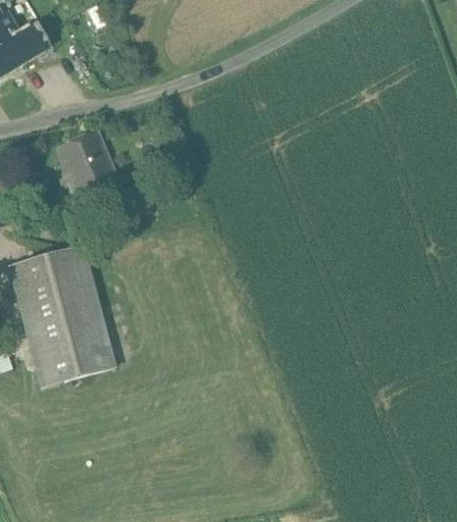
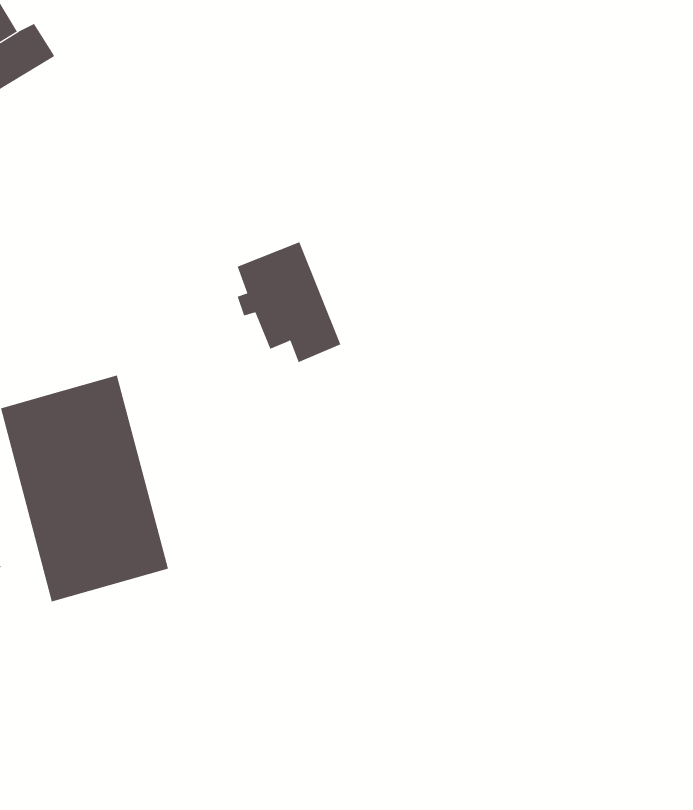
building: [57,128,121,203] -> [237,242,341,363]

